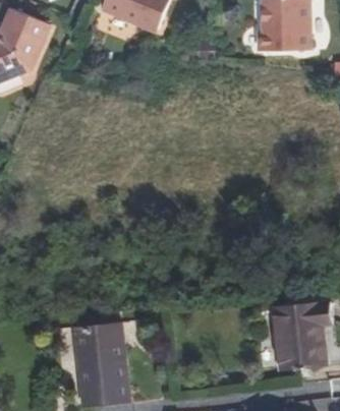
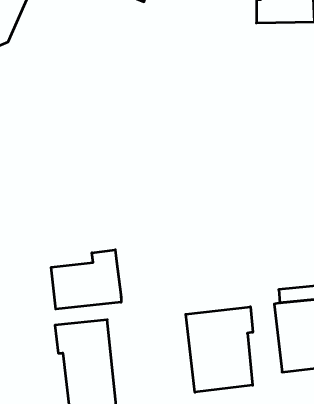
building: none -> [51,250,121,309]
building: none -> [186,307,253,392]

